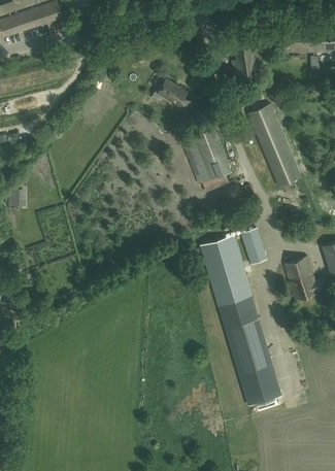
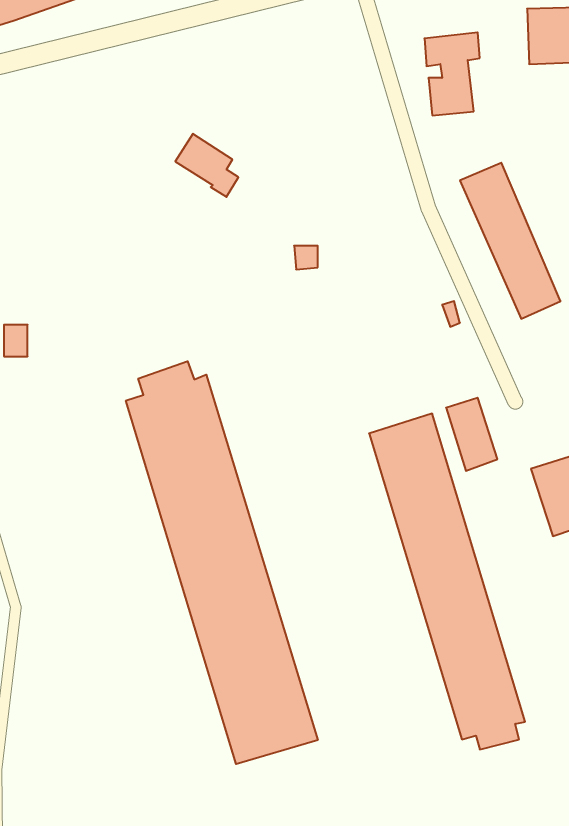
building: [158,79,191,112] -> [175,134,238,197]
building: [180,128,231,184] -> none
building: none -> [126,361,318,764]

